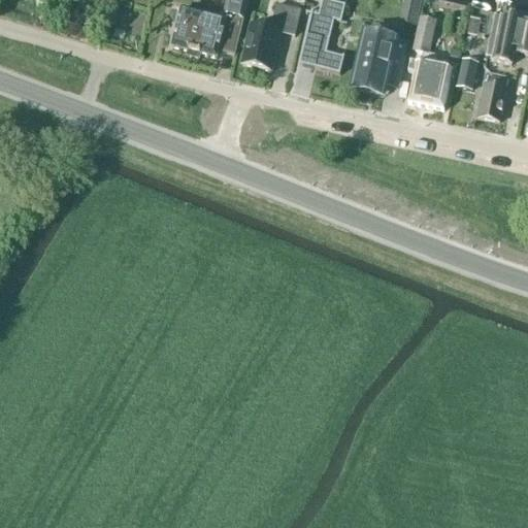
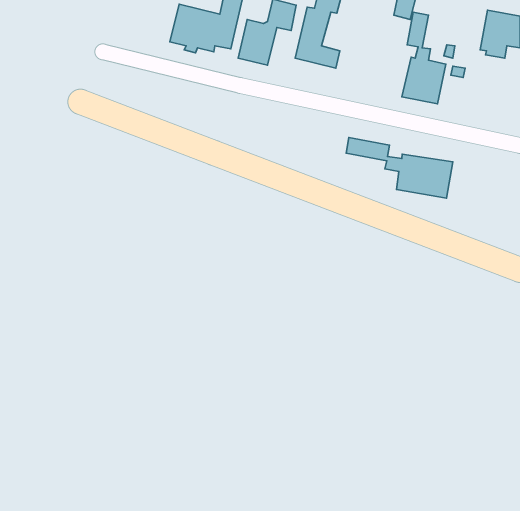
building: [353,30,404,89] -> none
building: [477,72,507,117] -> none
building: none -> [346,138,453,198]

